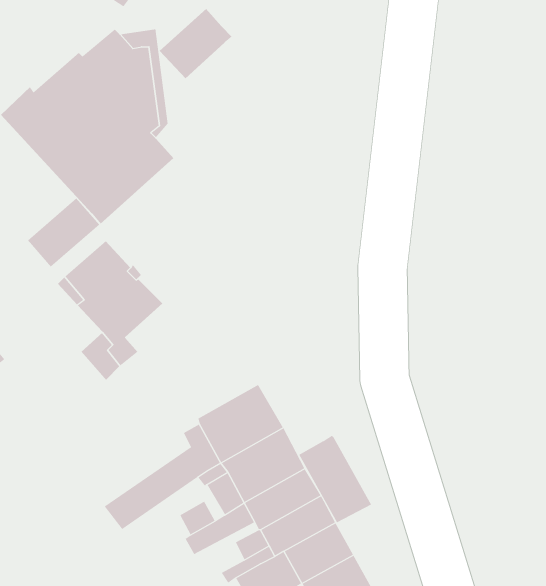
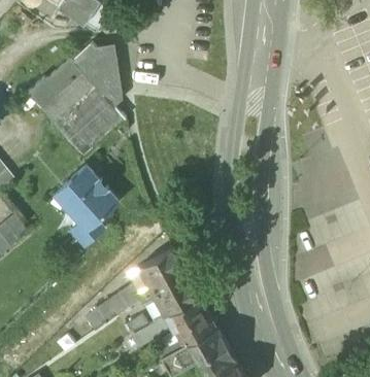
building: [159,8,233,79] -> none
building: [27,197,100,268] -> none
building: [299,435,372,523] -> none

